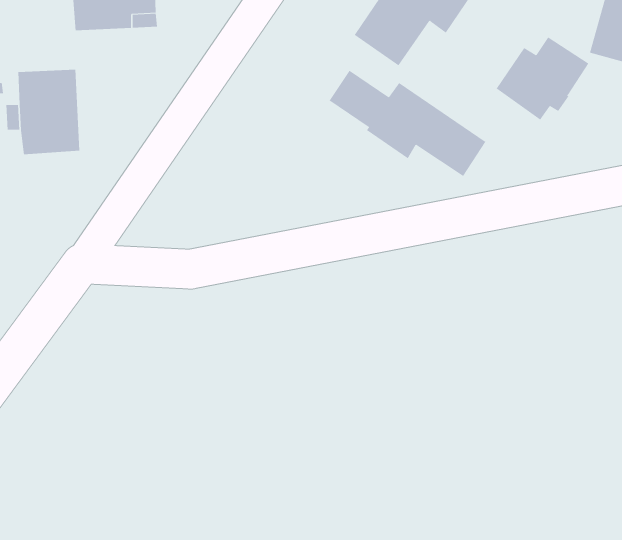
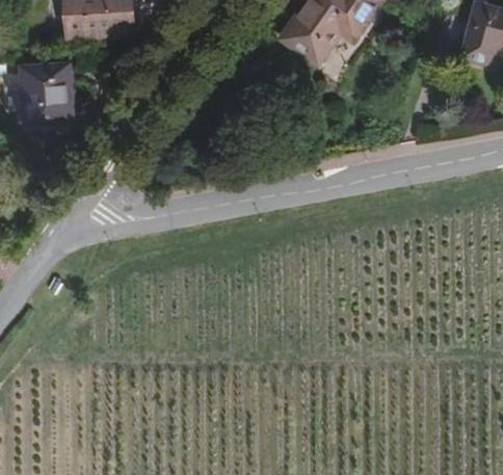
building: [496,37,589,121] -> none
building: [329,70,486,177] -> none

